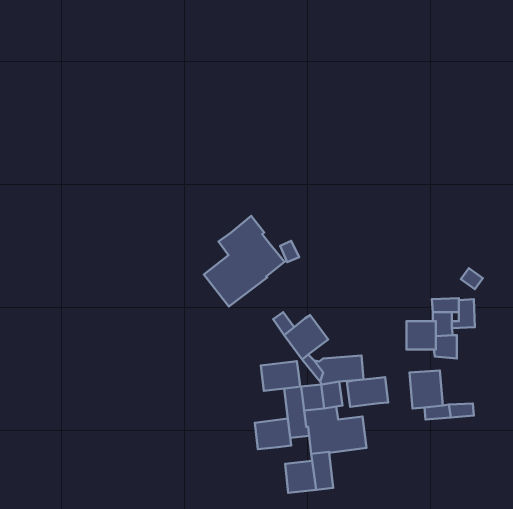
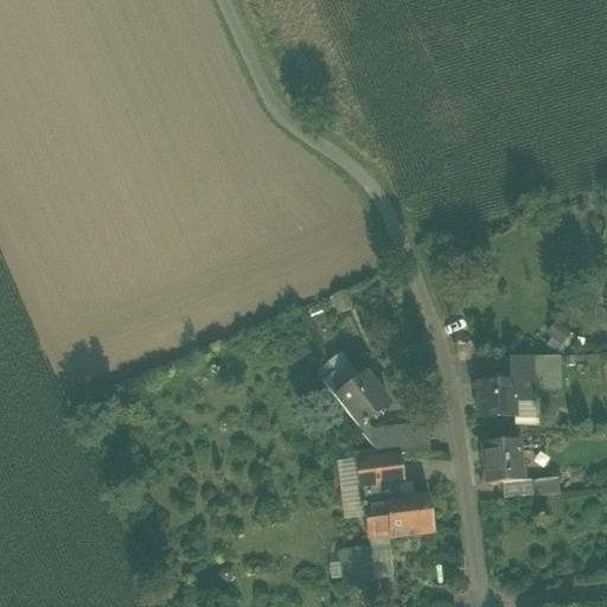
building: [204,216,284,307] -> none
building: none -> [315,350,360,386]
building: [261,361,300,391] -> none
building: [347,377,388,407] -> none
building: [255,418,291,449] -> none

